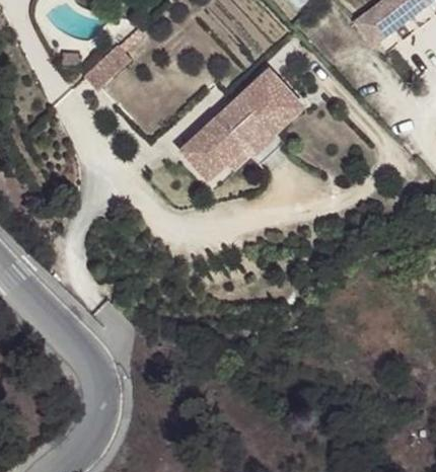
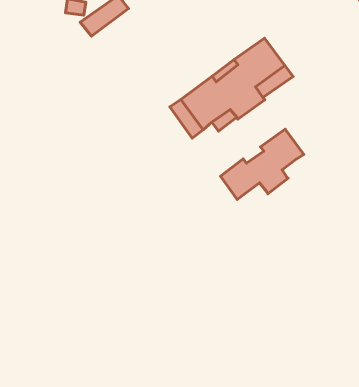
building: none -> [220,129,304,200]

